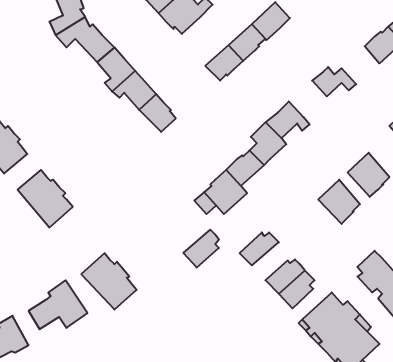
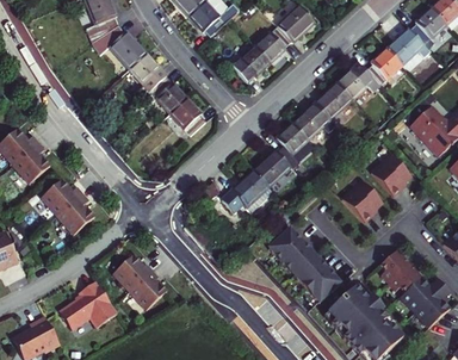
building: none -> [365,50,402,87]
building: none -> [314,83,351,119]
building: [183,230,219,268] -> [278,241,312,278]

